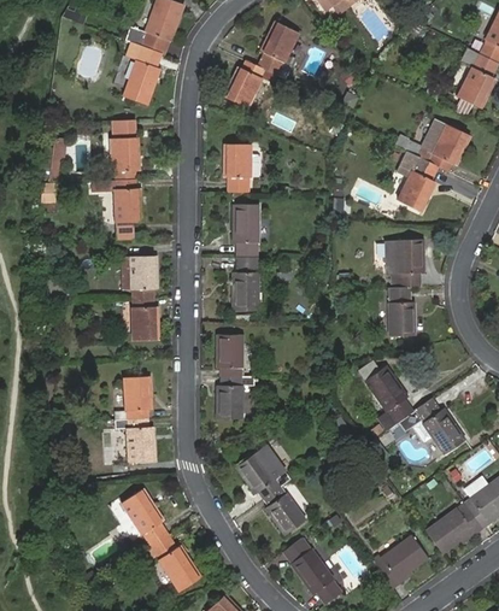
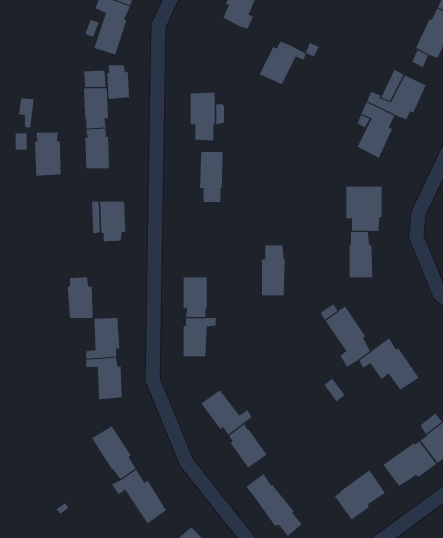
building: [224,61,274,107] -> [259,41,307,85]
building: none -> [107,65,130,100]
building: none -> [34,132,61,177]
building: [234,258,259,311] -> [261,245,286,296]
building: [131,298,159,341] -> [67,277,94,319]

